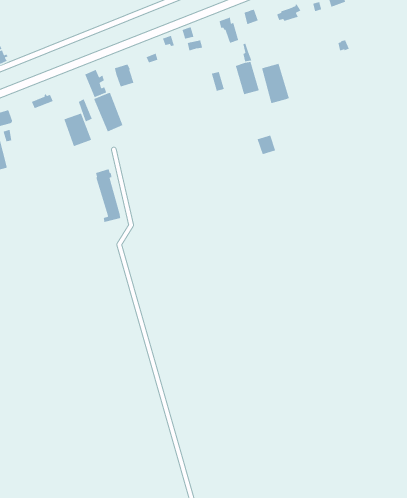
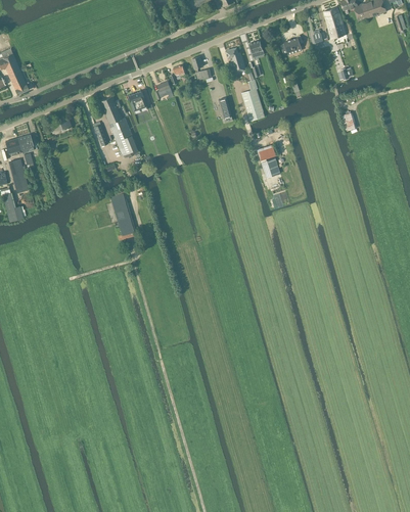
building: [261,63,290,104] -> none
building: [64,113,92,148] -> none

